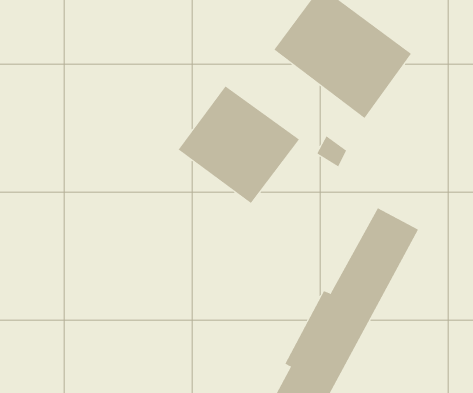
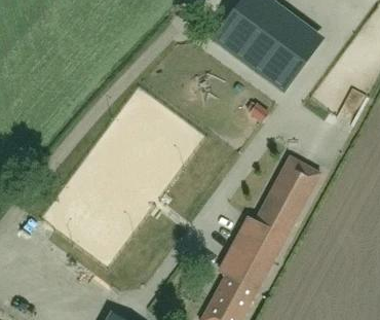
building: [178,85,300,204] -> none

